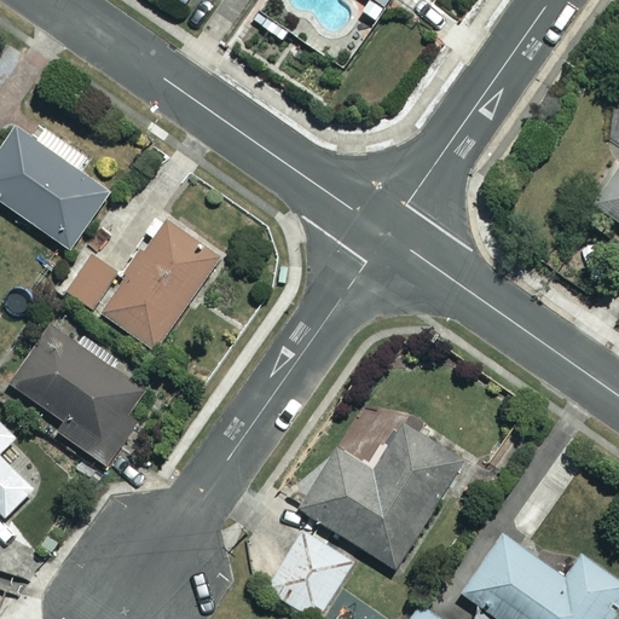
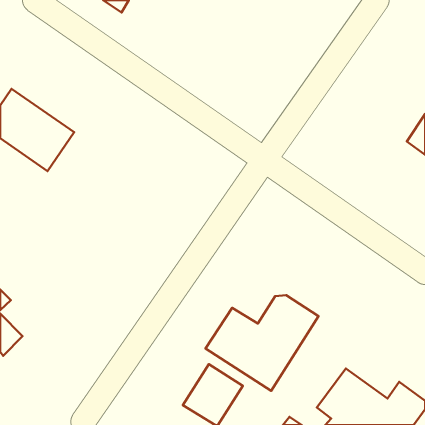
building: [68,219,219,349] -> none
building: [8,324,146,450] -> none

